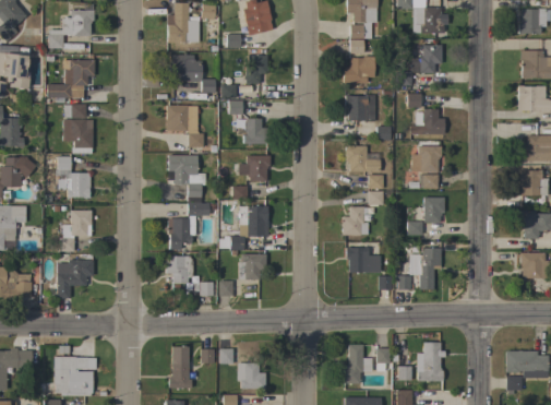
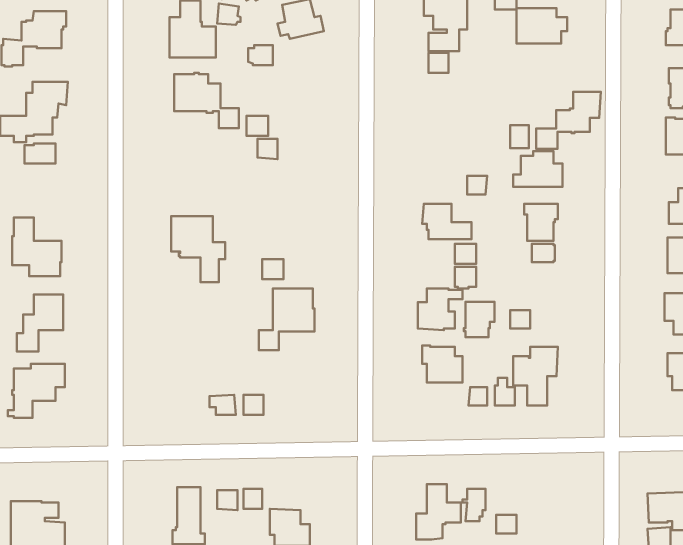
building: [397,45,443,85] -> [536,92,601,149]
building: [244,55,267,83] -> none
building: [344,58,375,83] -> none
building: [346,95,376,121] -> none
building: [167,105,204,147] -> none
building: [244,118,268,144] -> none
building: [63,120,93,154] -> none
building: [238,156,271,181] -> none
building: [423,198,445,223] -> [464,302,495,337]
building: [169,202,209,250] -> none
building: [167,254,194,284] -> none
building: [239,254,266,279] -> none
building: [417,343,443,381] -> none

